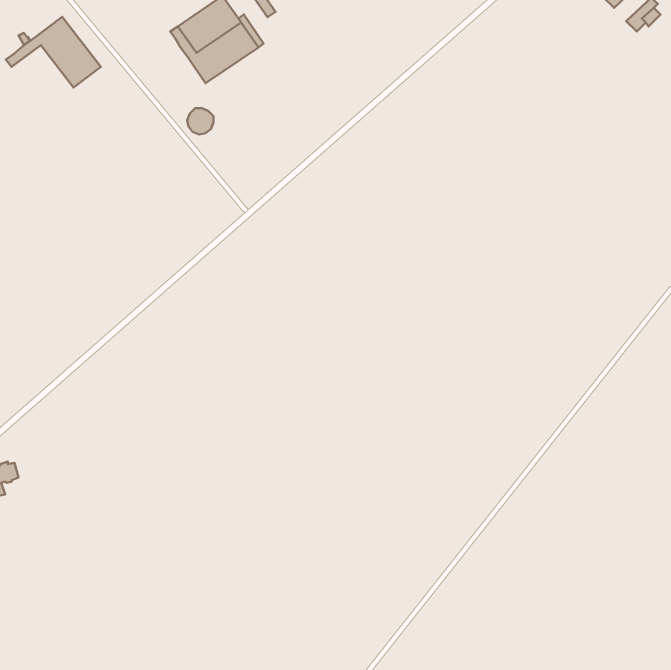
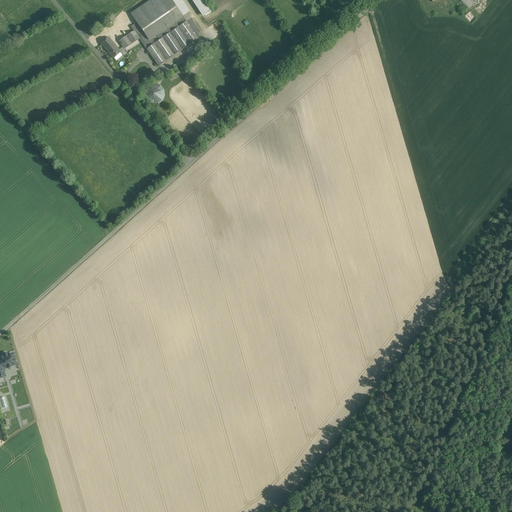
building: [6,17,101,88] -> none
building: none -> [99,29,137,56]

